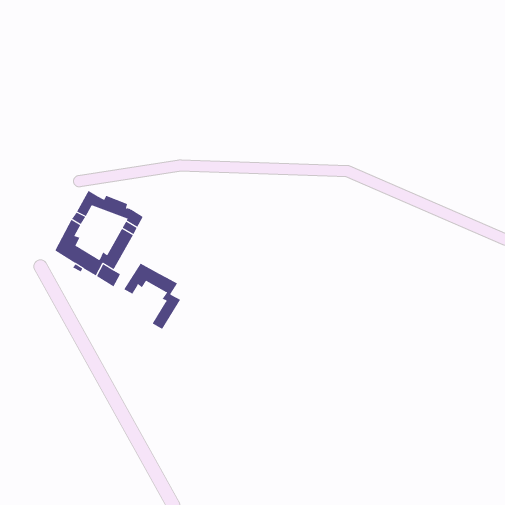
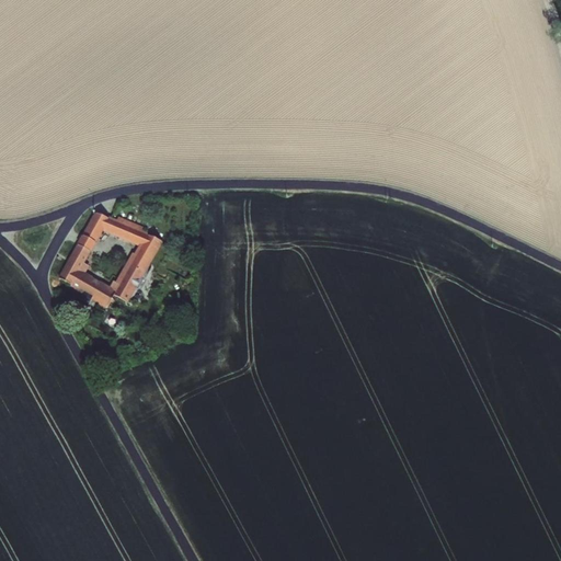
building: [124,263,181,330] -> none

